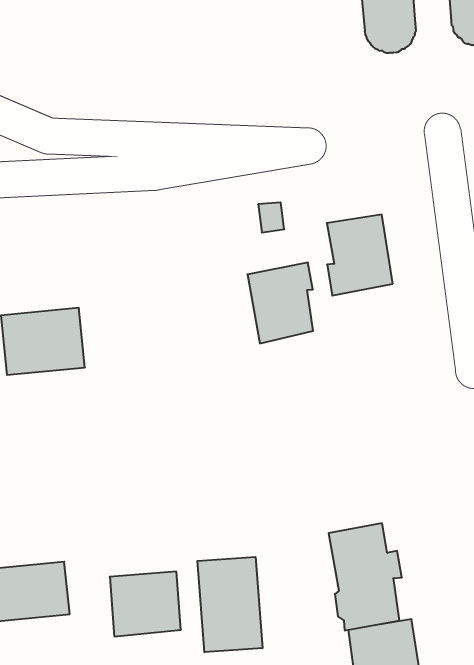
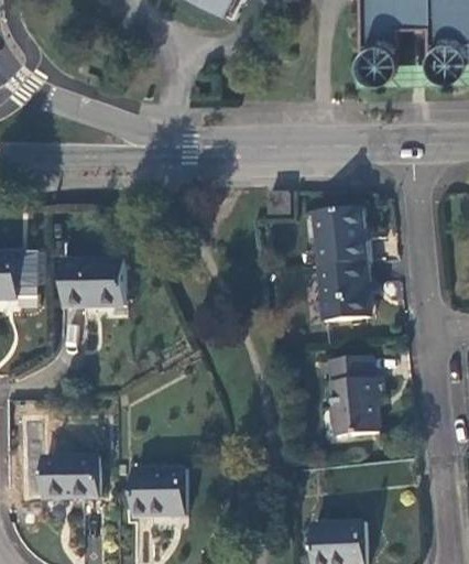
building: [247,263,313,343] -> [320,260,370,319]
building: [329,523,402,630] -> [329,352,383,433]
building: [197,557,262,652] -> none

